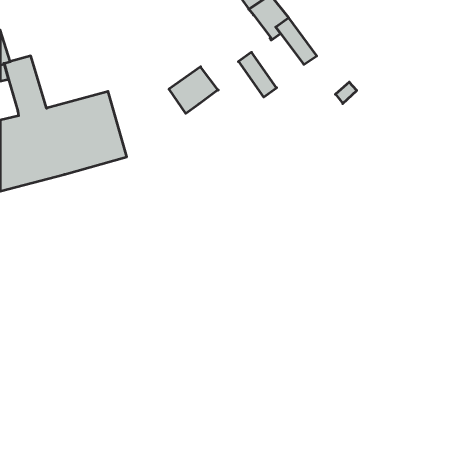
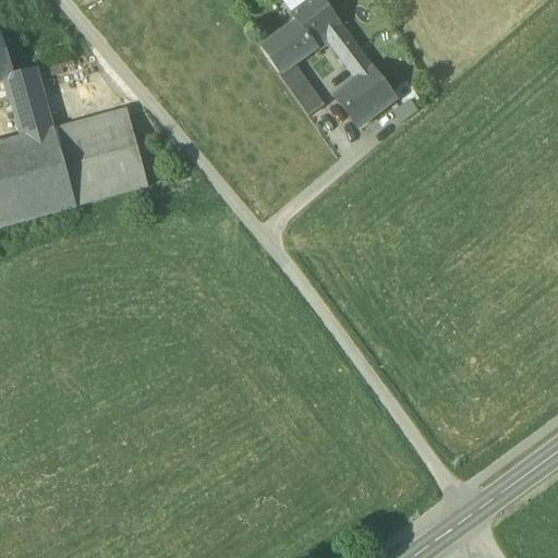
building: none -> [333,65,393,124]
building: [169,67,218,113] -> [259,17,317,72]

